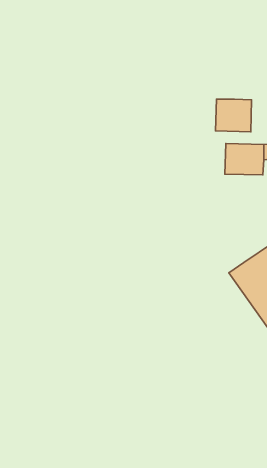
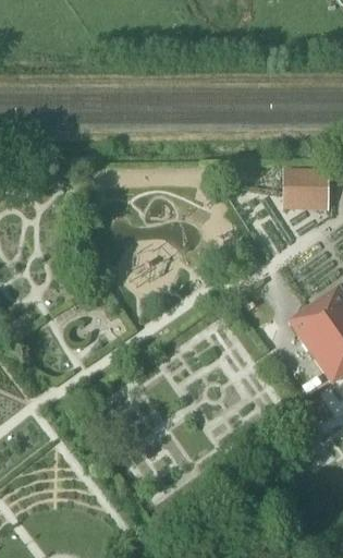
building: [216,99,252,132] -> none

